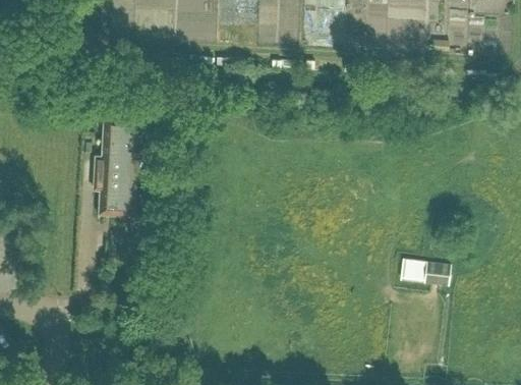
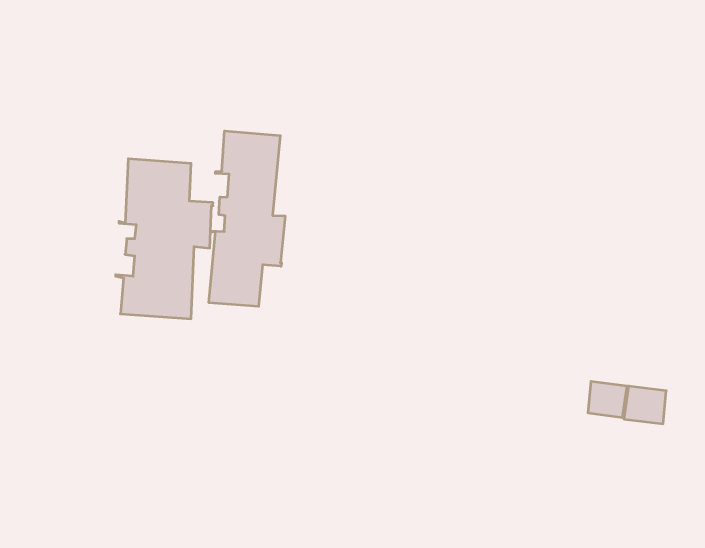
building: none -> [209,131,285,306]

